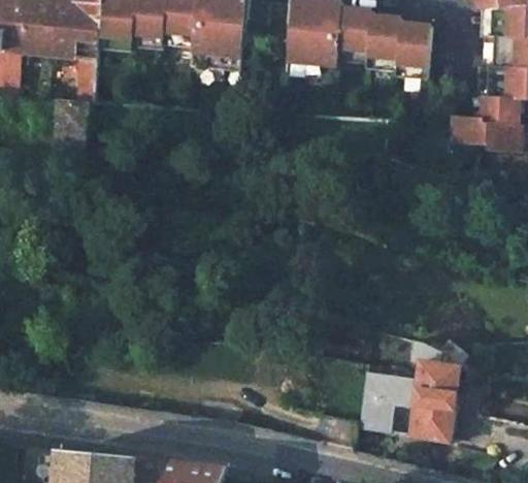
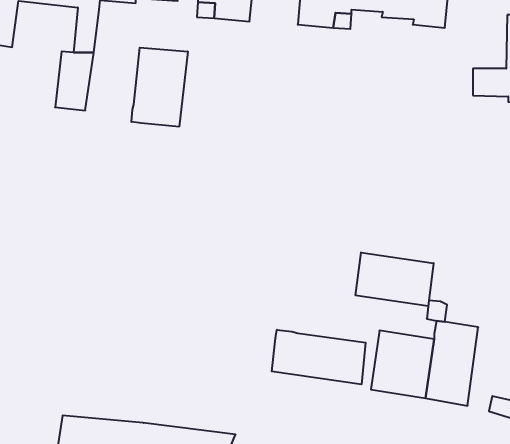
building: none -> [131,48,188,127]
building: none -> [356,252,434,306]
building: none -> [272,330,366,384]

